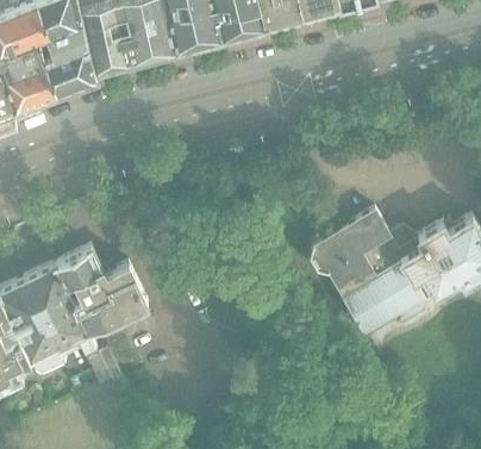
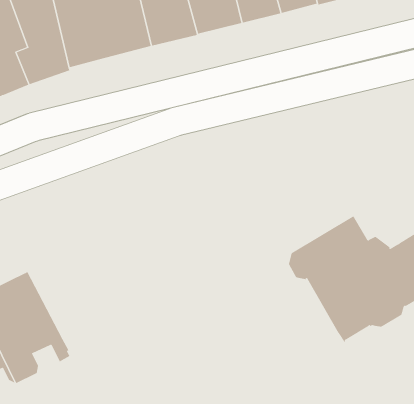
building: [55,254,149,338] -> none

